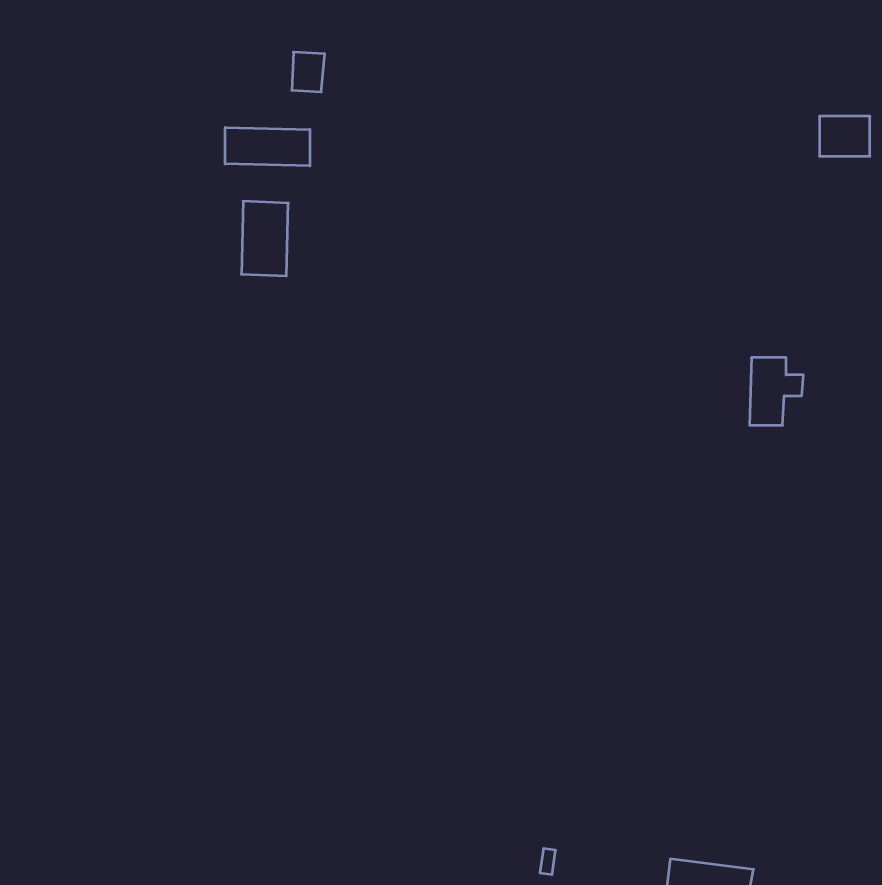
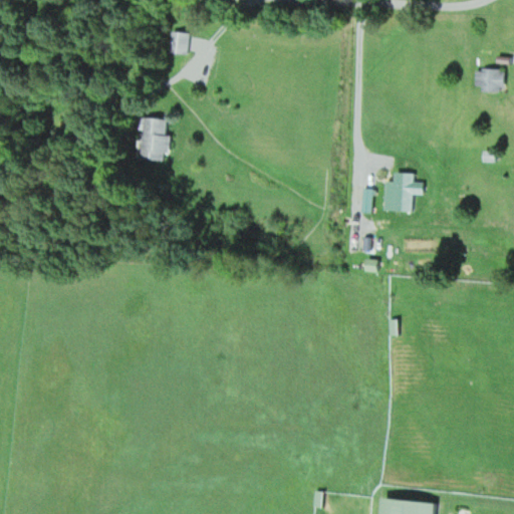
building: [225,127,310,166] -> none
building: [750,358,803,425] -> [392,173,423,212]

